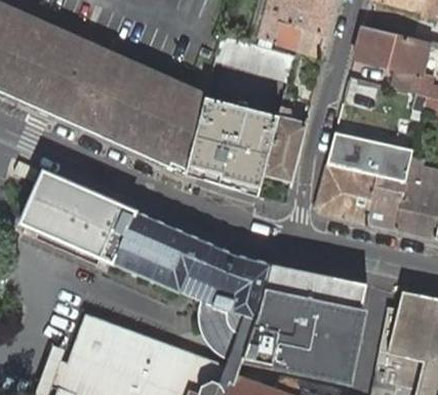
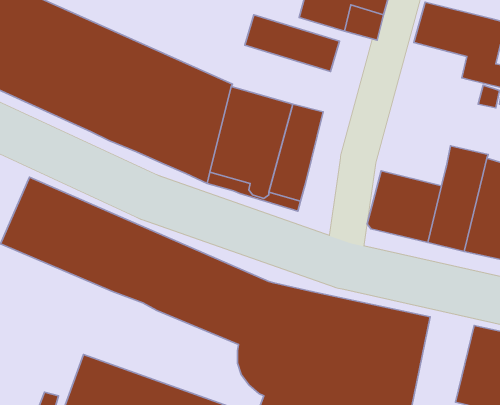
building: [266,94,307,182] -> none
building: [327,132,384,176] -> none

